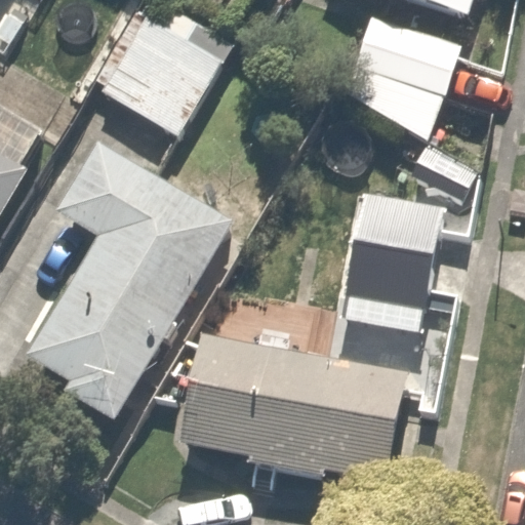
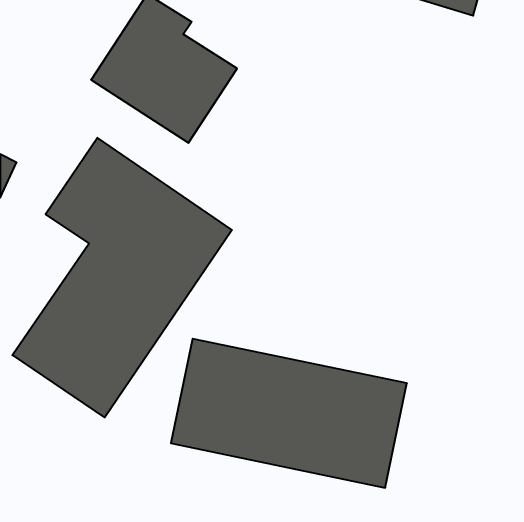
building: [346,14,461,147] -> none
building: [335,195,445,362] -> none

